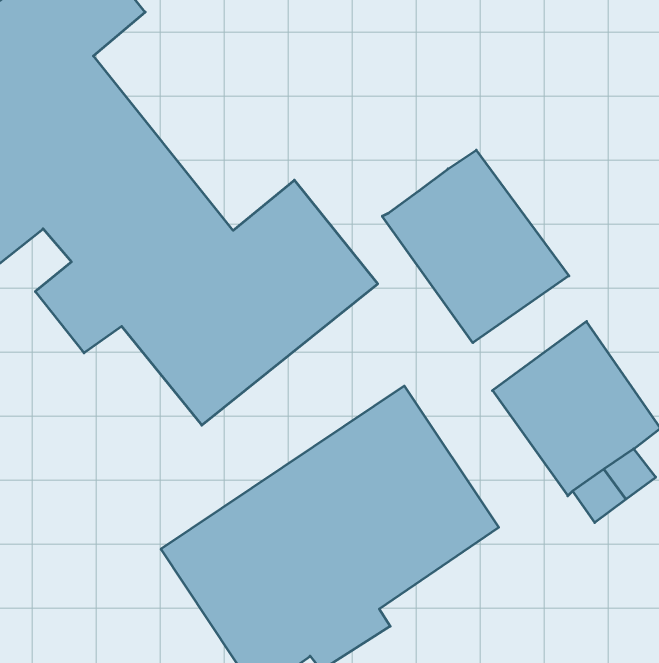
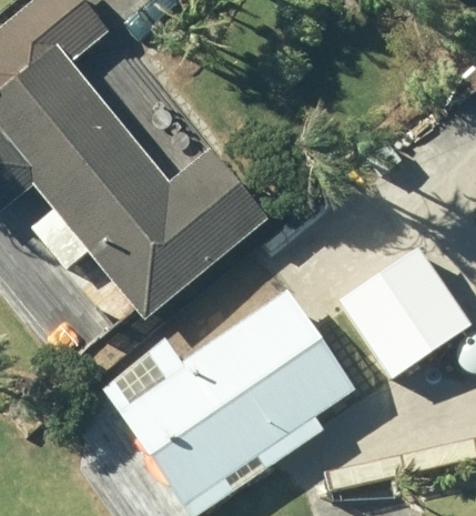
building: [382,150,569,343] -> none

